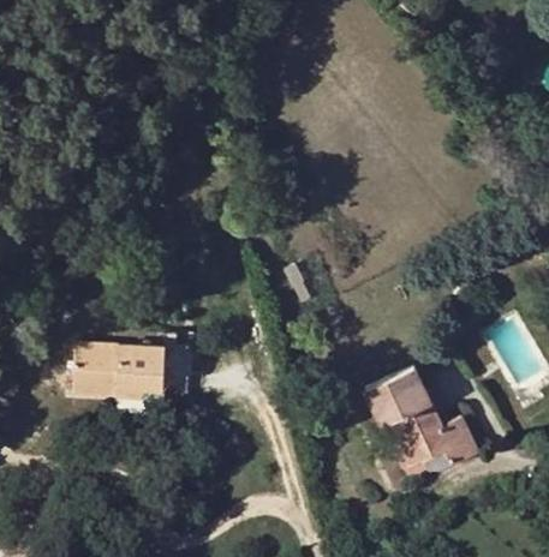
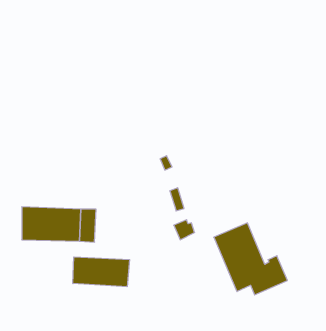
building: none -> [73,257,130,287]

